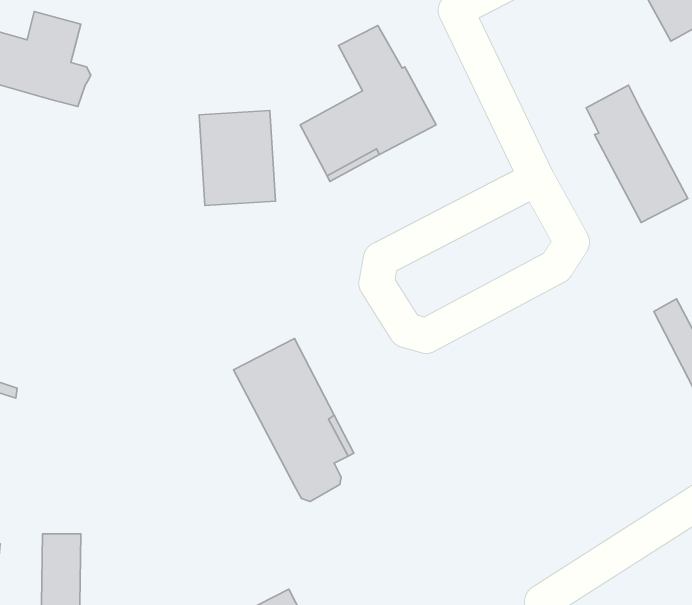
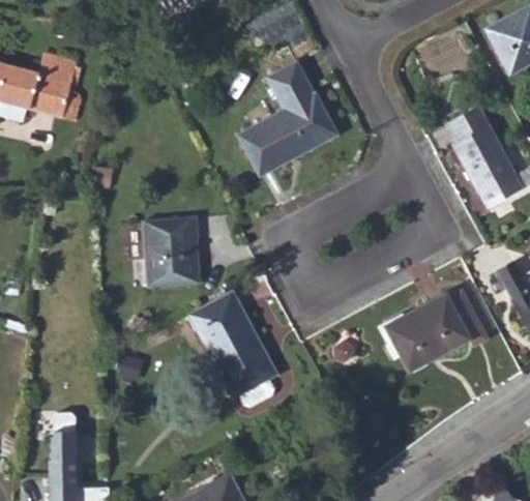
building: [199,111,276,206] -> [144,217,200,287]
building: none -> [384,289,491,372]

